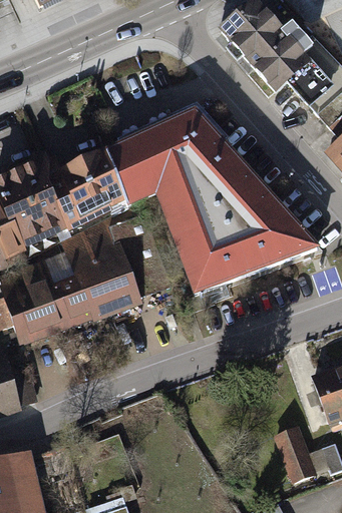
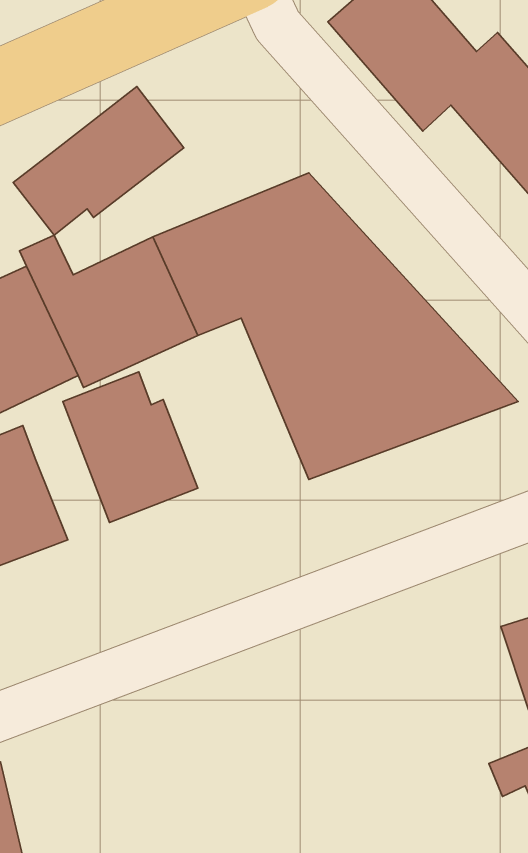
building: none -> [13,86,184,235]
building: [42,269,85,326] -> none
building: [272,426,315,488] -> none

